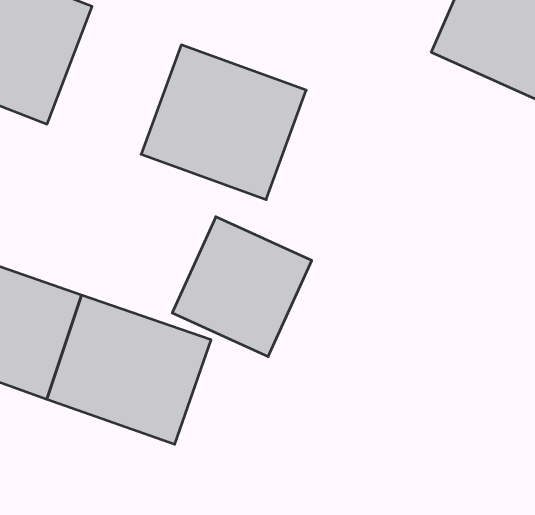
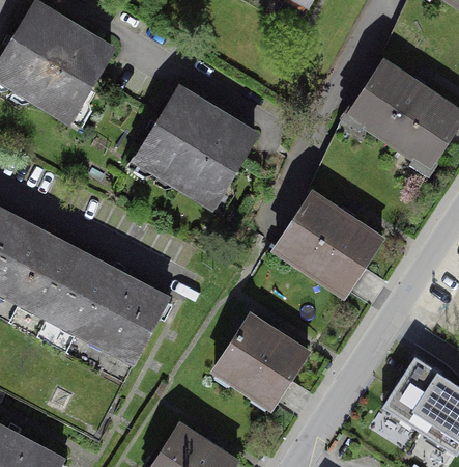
building: none -> [275,190,389,298]
building: [172,217,312,357] -> [211,313,312,414]

